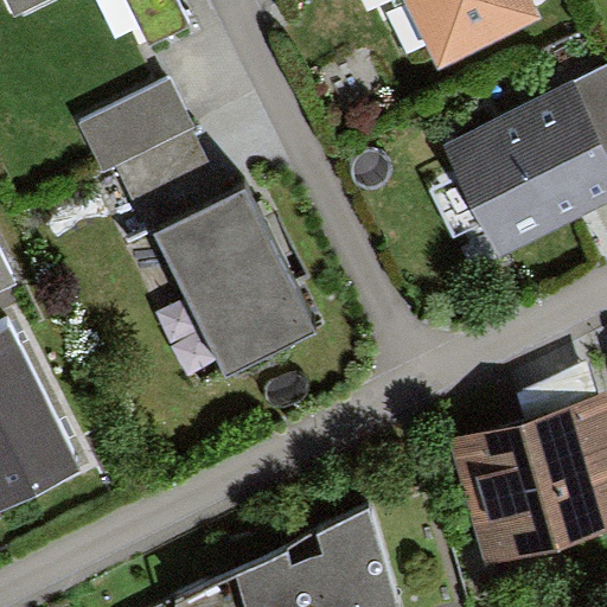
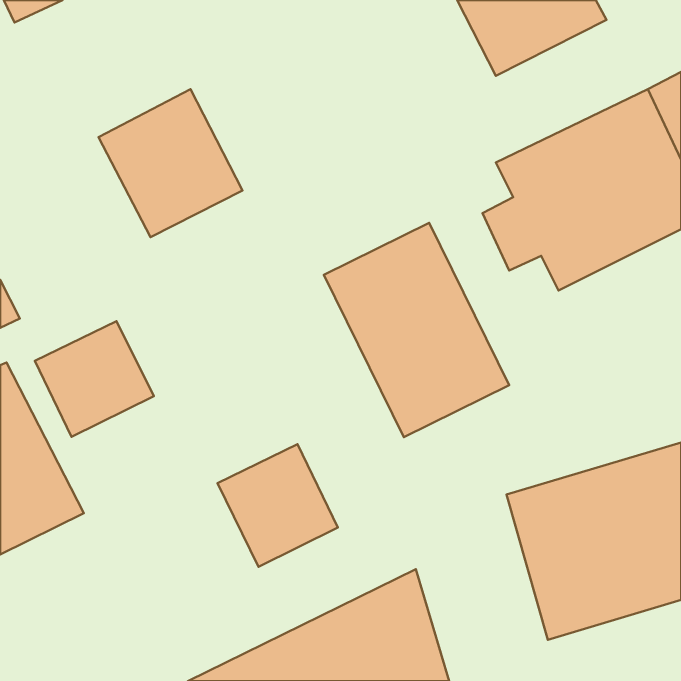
building: [154,189,319,379] -> [324,223,509,437]
building: none -> [35,321,154,437]
building: none -> [217,444,338,567]

